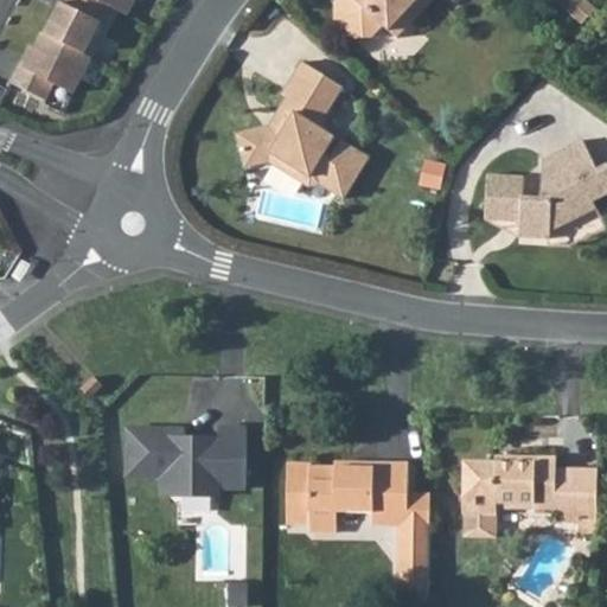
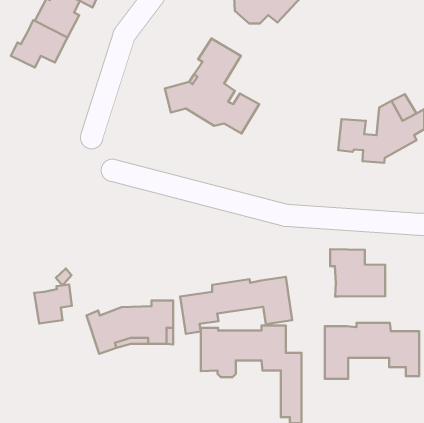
building: none -> [330,249,385,297]
building: none -> [180,277,292,334]
building: none -> [34,284,72,324]

